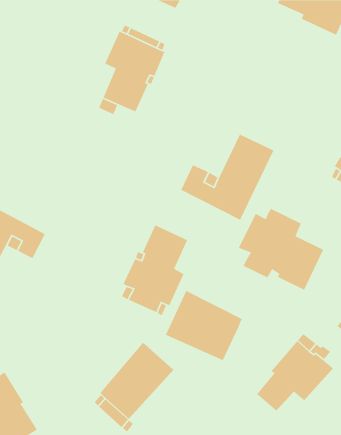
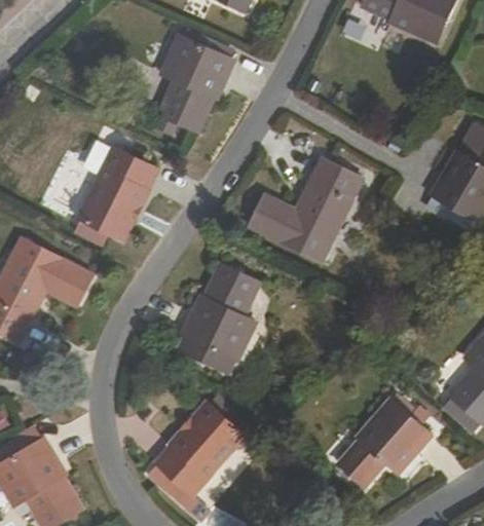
building: none -> [80,149,158,240]
building: [238,208,324,291] -> none
building: [165,290,243,361] -> none

